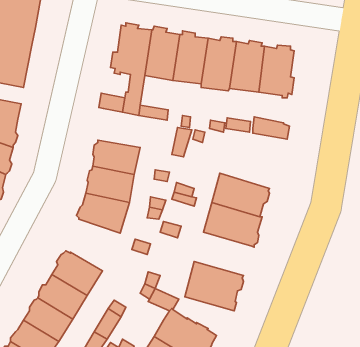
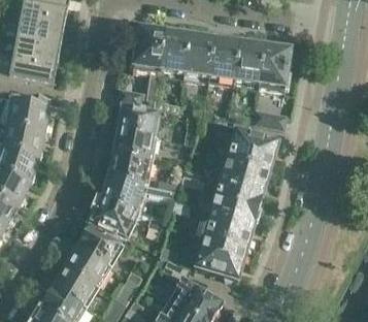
building: none -> [118,106,160,135]
building: none -> [225,129,278,171]
building: none -> [91,198,137,236]
building: none -> [202,210,253,248]

